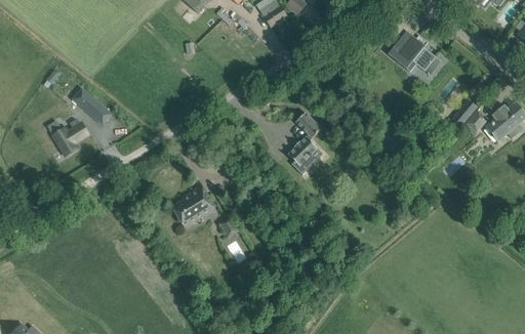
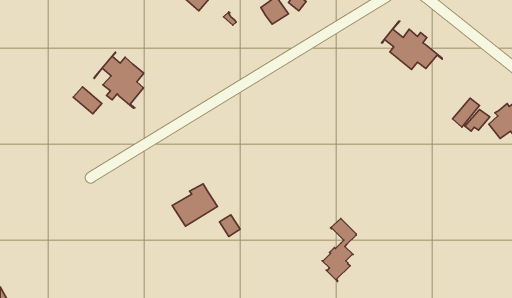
building: none -> [94,52,144,108]
building: [287,113,321,175] -> [322,219,356,281]
building: [52,119,88,156] -> none

